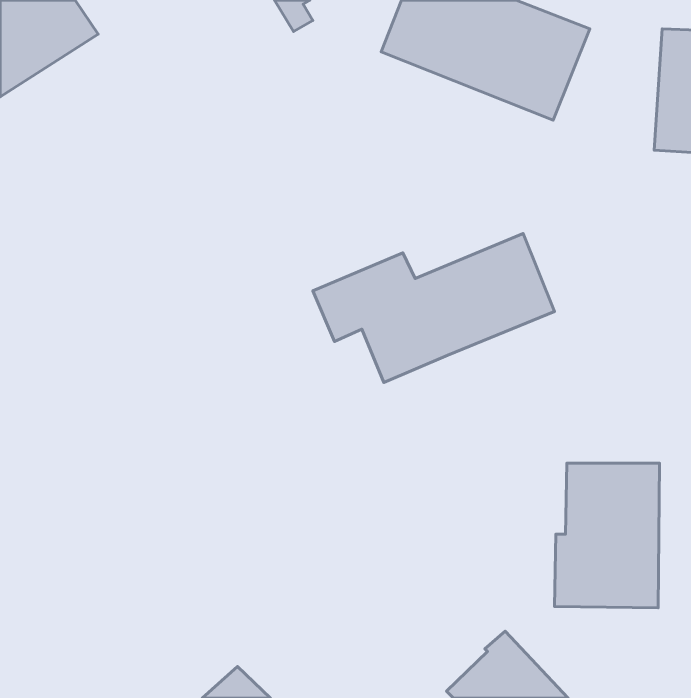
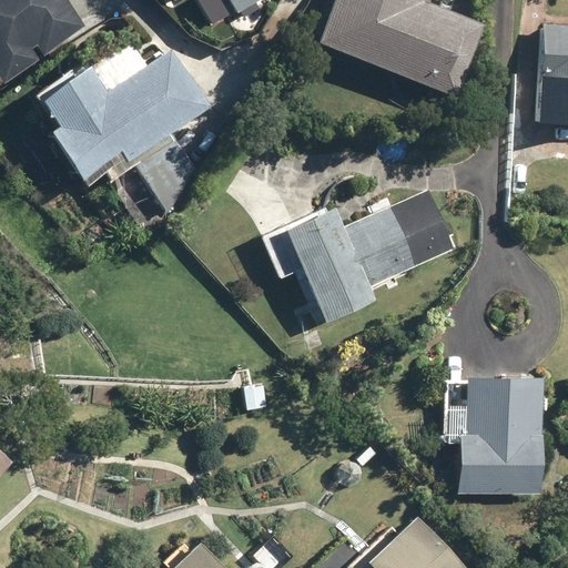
building: none -> [38,49,213,181]

